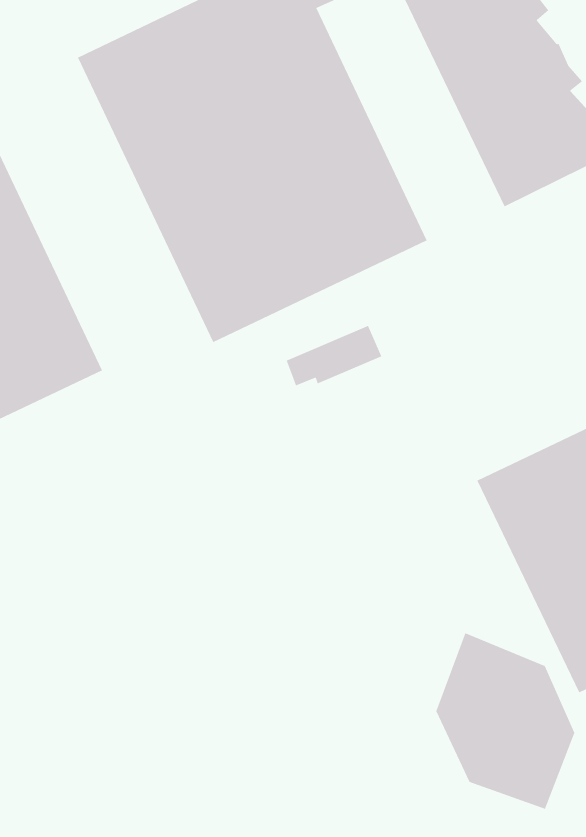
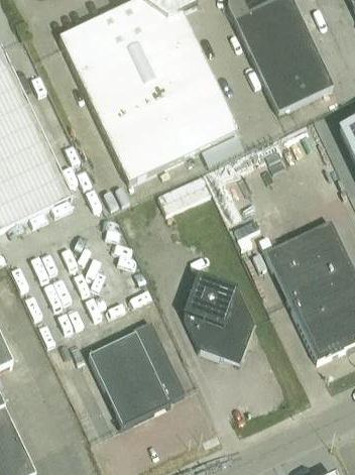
building: none -> [88,320,184,427]
building: [435,632,575,810] -> [182,271,253,362]

